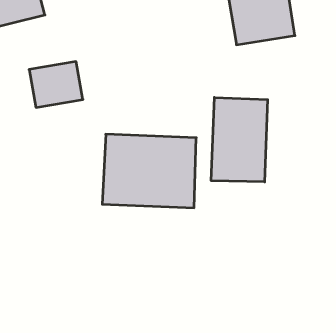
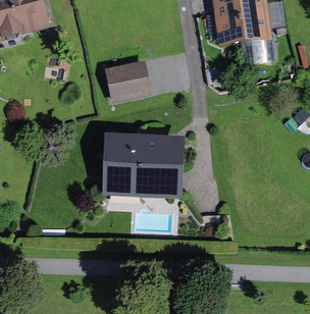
building: [29,62,83,107] -> [98,58,146,99]
building: [211,97,268,182] -> none

